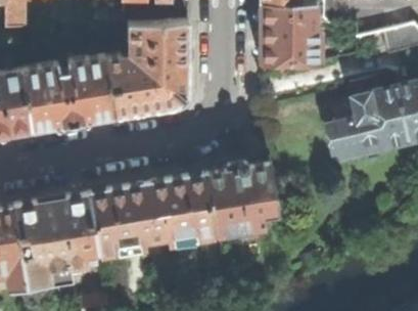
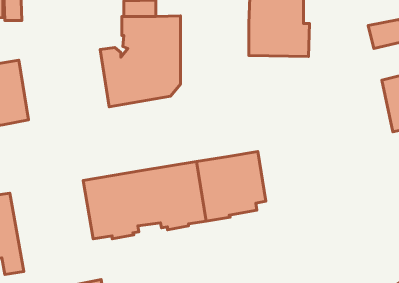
building: [24,60,117,135] -> none
building: [328,84,409,164] -> none
building: [14,197,100,292] -> none

